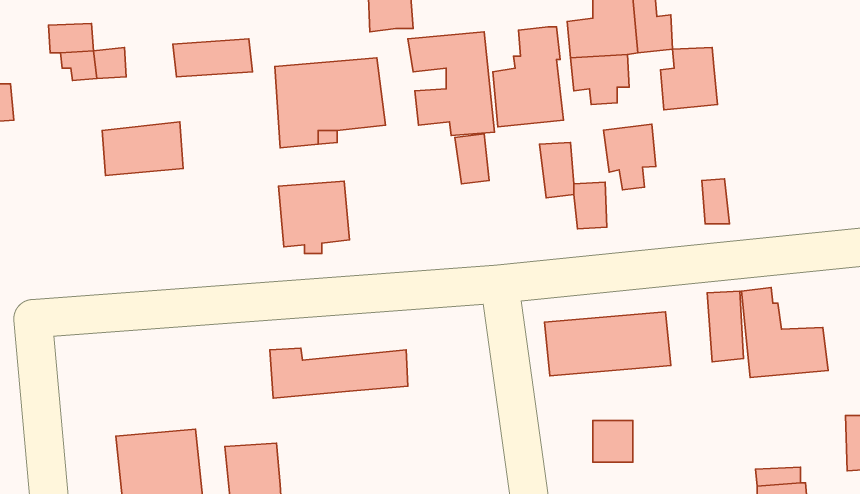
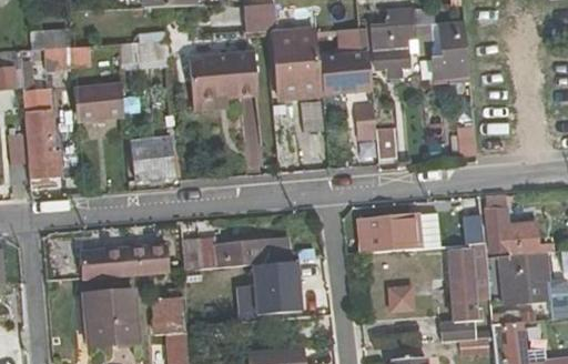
building: none -> [21,87,62,179]
building: [604,124,656,190] -> none
building: [279,181,349,254] -> [135,135,181,182]
building: none -> [85,242,168,277]
building: none -> [448,249,489,324]
building: none -> [498,254,541,307]
building: none -> [254,261,301,312]

